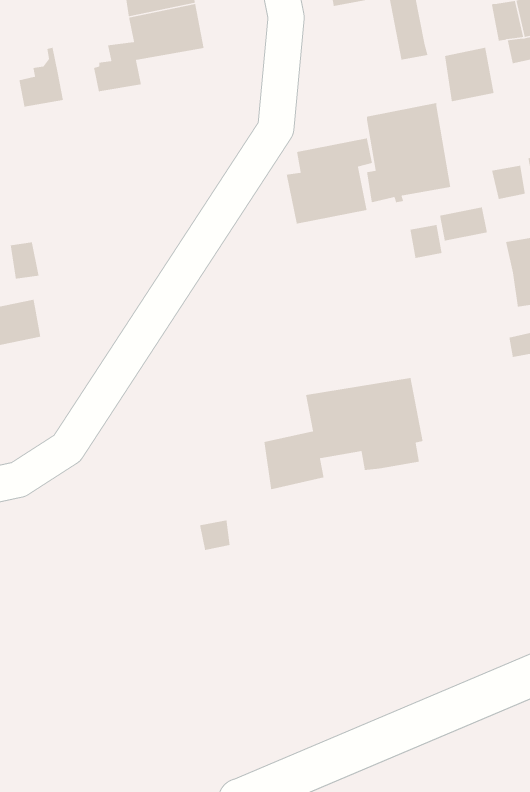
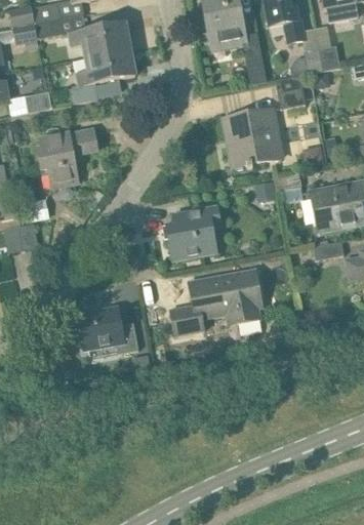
building: none -> [37,124,98,186]
building: [286,138,373,224] -> [169,207,220,258]
building: none -> [79,309,138,356]

